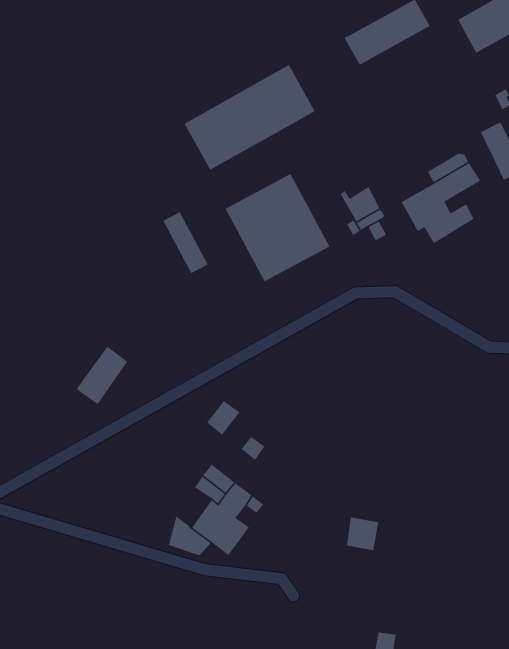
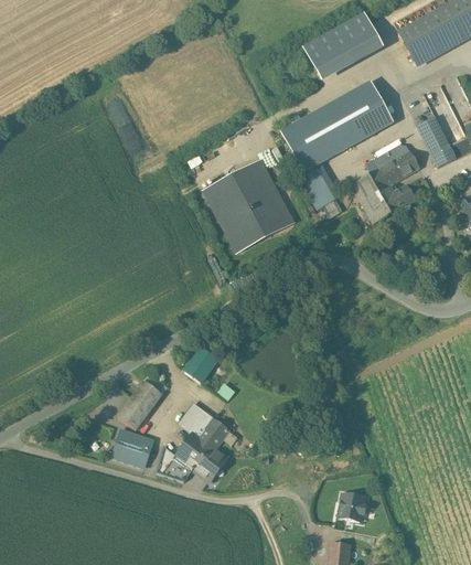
building: [184,64,316,171] -> [282,82,393,171]
building: [162,211,209,274] -> none
building: [75,346,128,405] -> [118,380,162,429]
building: none -> [113,428,153,468]
building: [346,517,379,551] -> [339,493,366,522]

